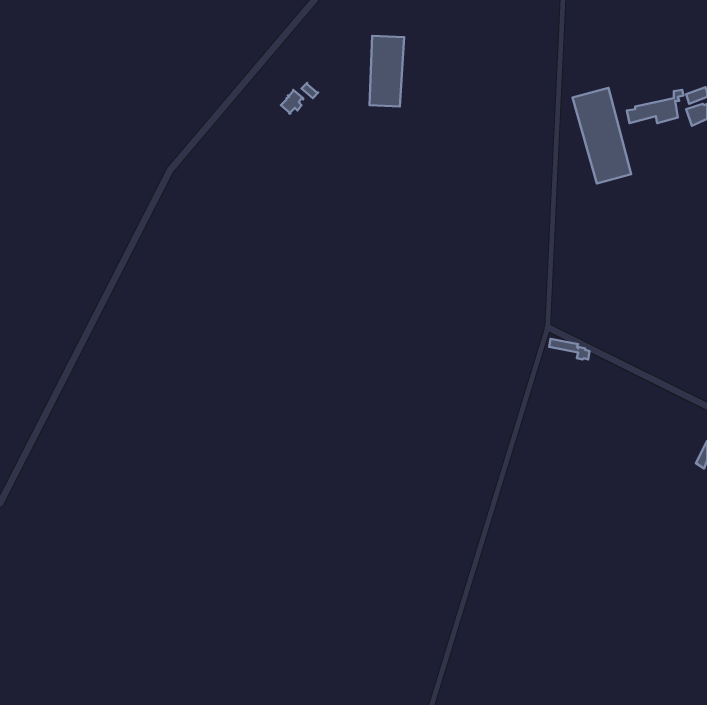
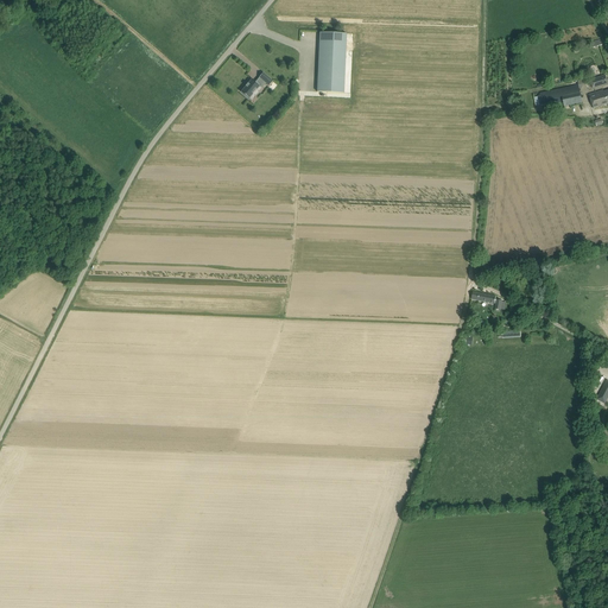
building: [572,88,631,183] -> none

